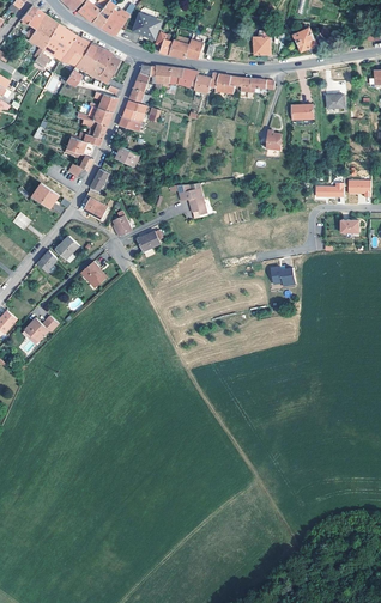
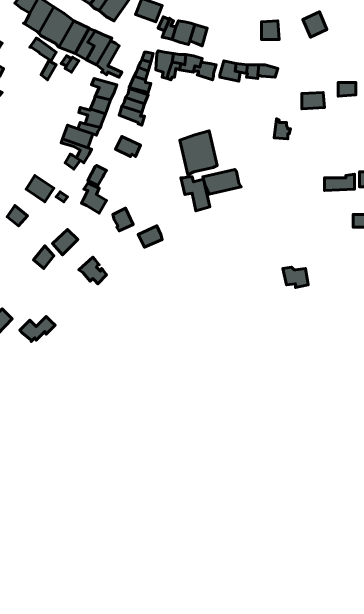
building: none -> [180,131,217,175]
building: none -> [203,169,241,194]

